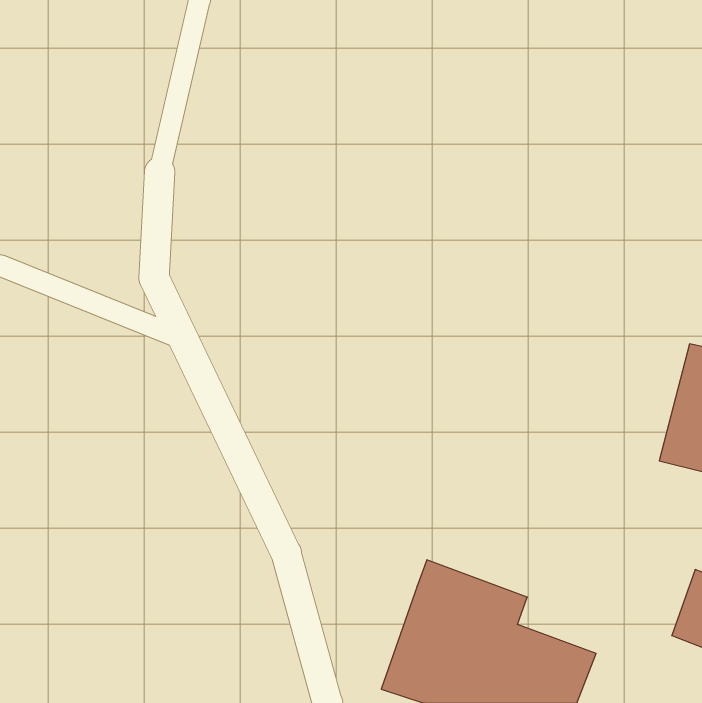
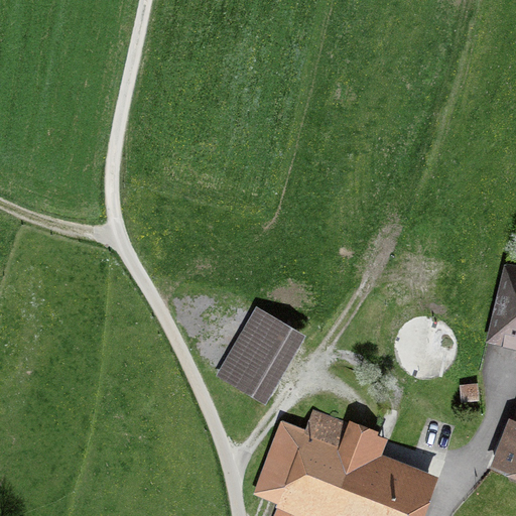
building: none -> [219,306,303,401]
building: none -> [255,420,306,505]

